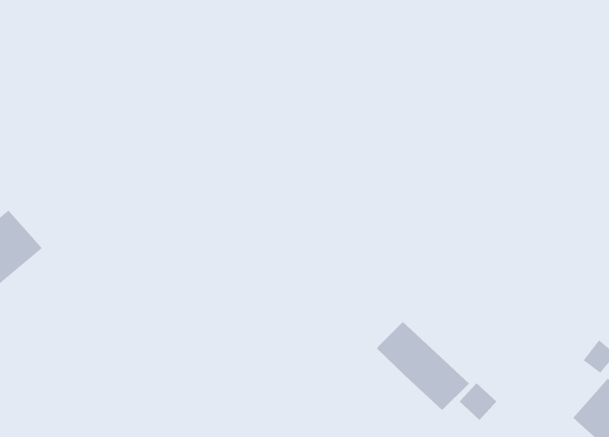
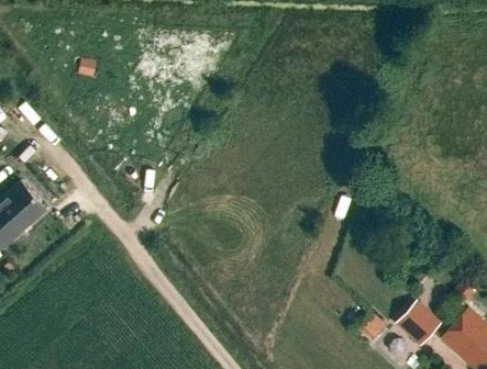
building: [377,321,470,411] -> none
building: none -> [396,308,435,345]

